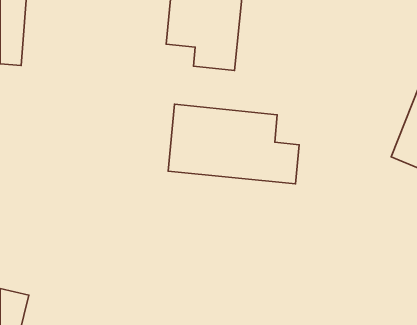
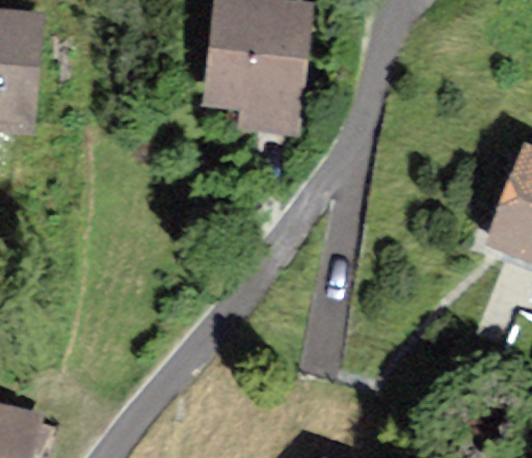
building: [168,104,299,184] -> none

